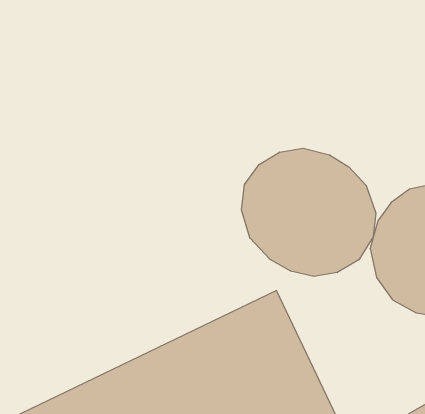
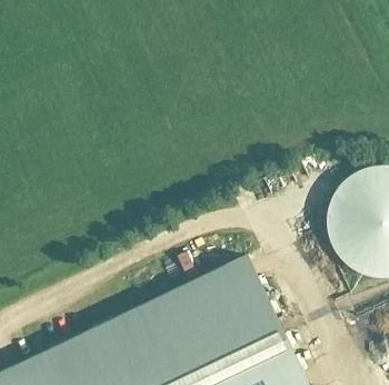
building: [241,148,376,276] -> none

